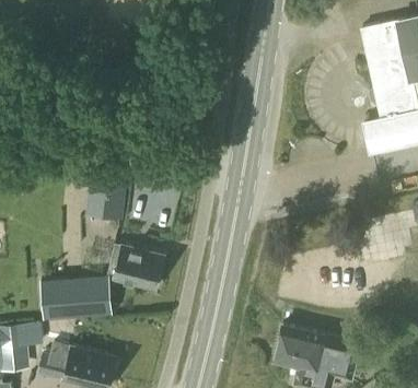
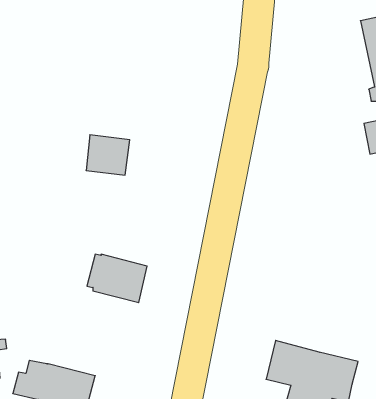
building: [85,185,126,222] -> [86,135,130,175]
building: [42,279,113,324] -> none

